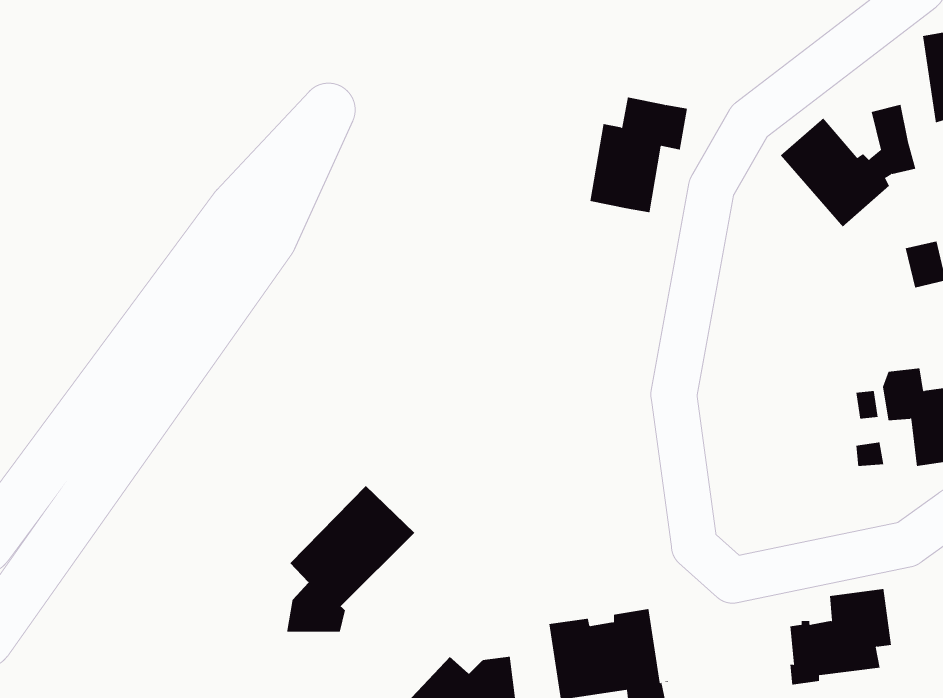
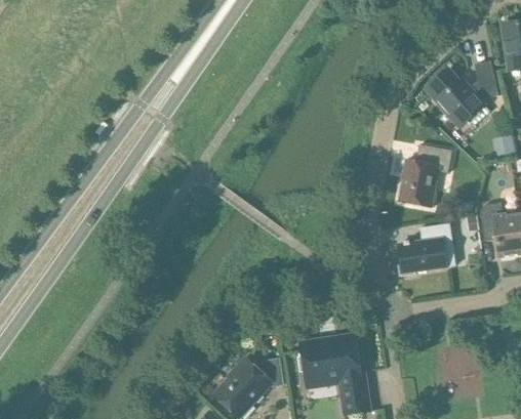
building: [589,97,688,213] -> [398,144,451,207]
building: [287,485,415,632] -> none
building: [789,588,892,685] -> [398,223,453,276]

